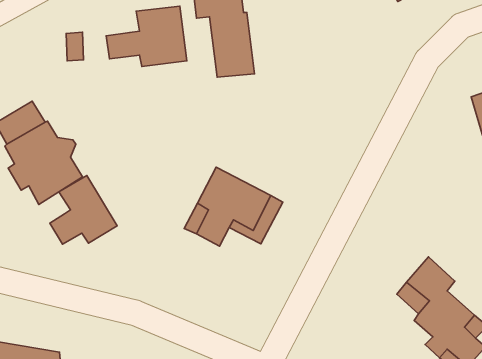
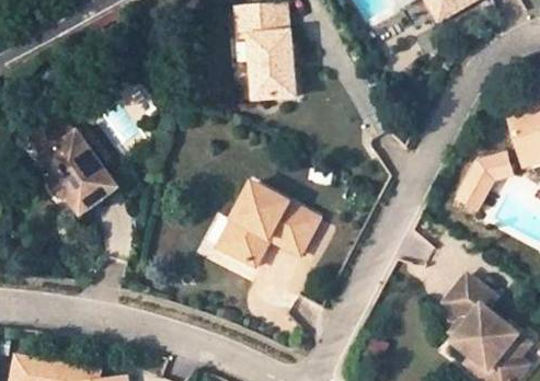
building: [106,6,187,66] -> none
building: none -> [460,152,514,209]
building: [50,176,117,244] -> none

